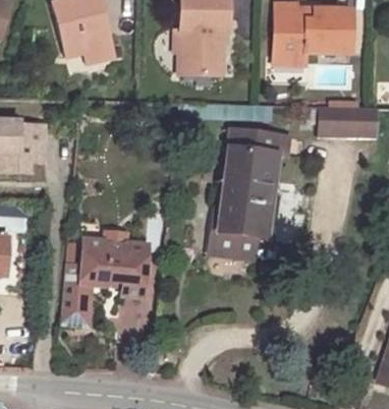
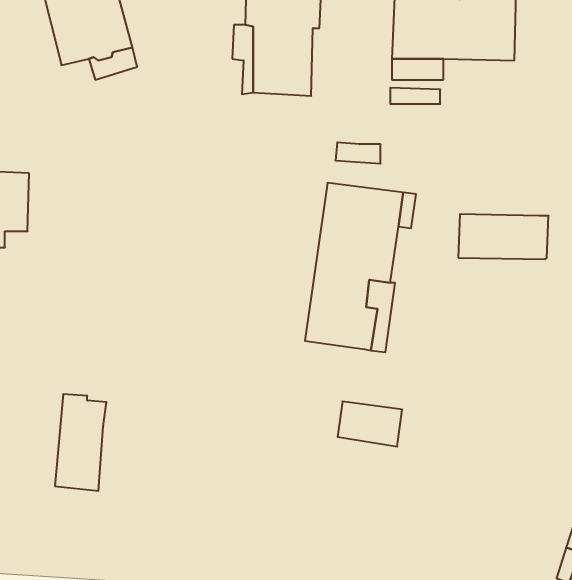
building: [320,107,377,135] -> [458,214,549,259]
building: [216,229,257,257] -> [338,401,402,447]
building: [81,237,147,293] -> none

